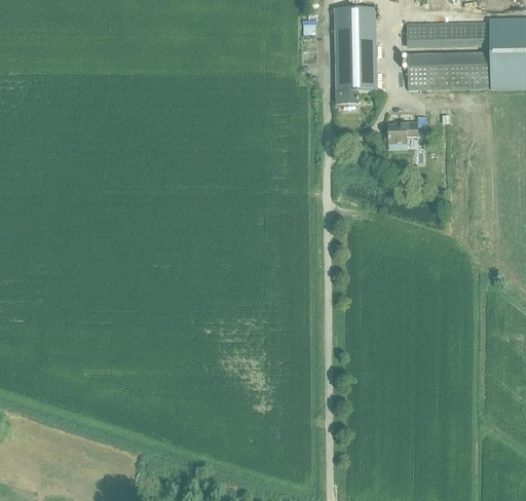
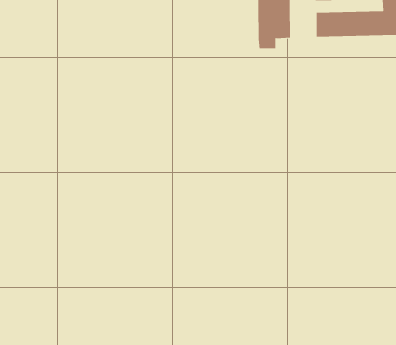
building: [388,121,418,143] -> none

